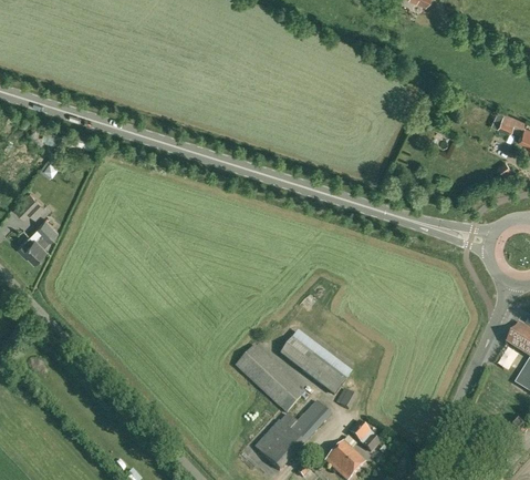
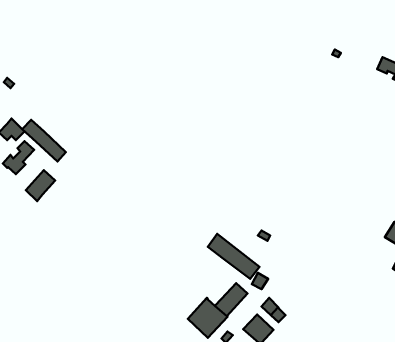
building: none -> [22,120,66,162]
building: none -> [26,170,55,201]
building: [236,343,306,411] -> none

